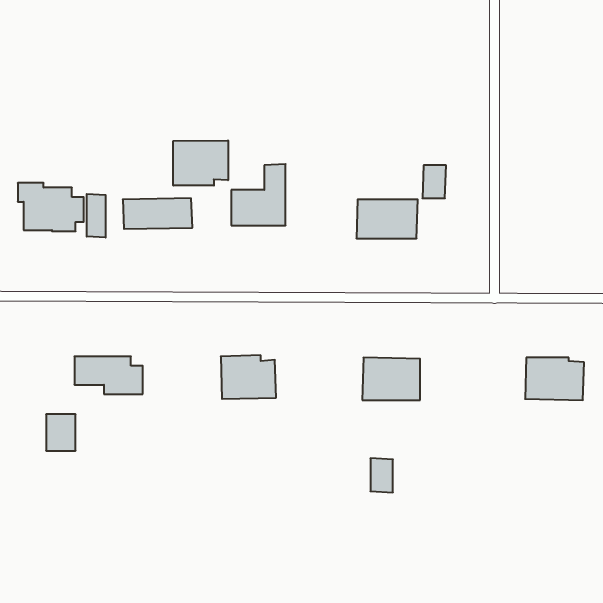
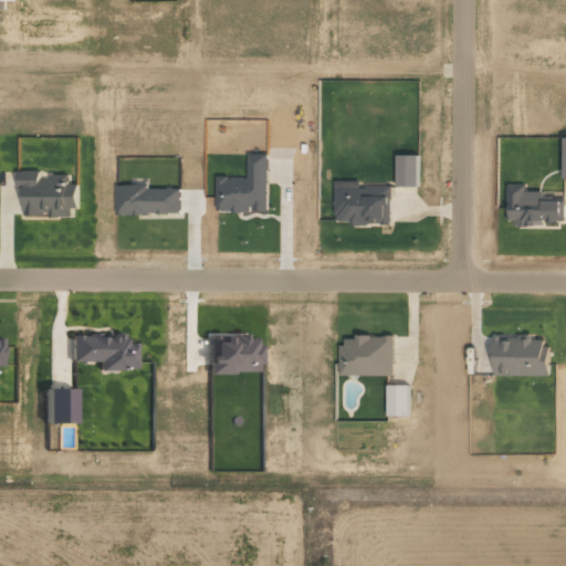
building: [173,140,228,186] -> none
building: [87,194,106,238] -> none
building: none -> [506,185,560,224]
building: [370,458,393,492] -> [387,384,408,416]

